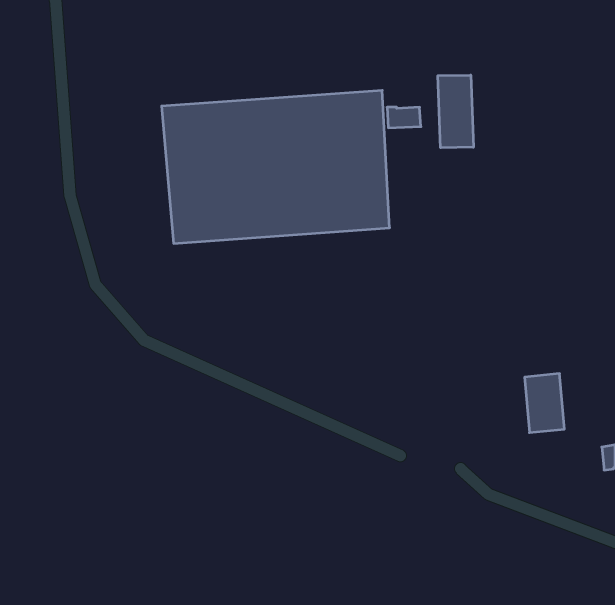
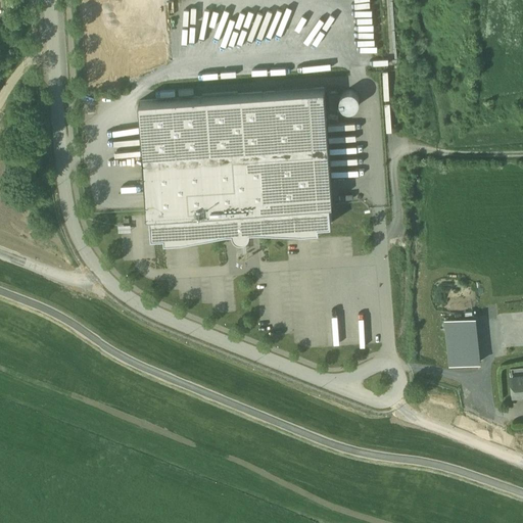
building: [438,75,473,148] -> none
building: none -> [147,202,332,247]

